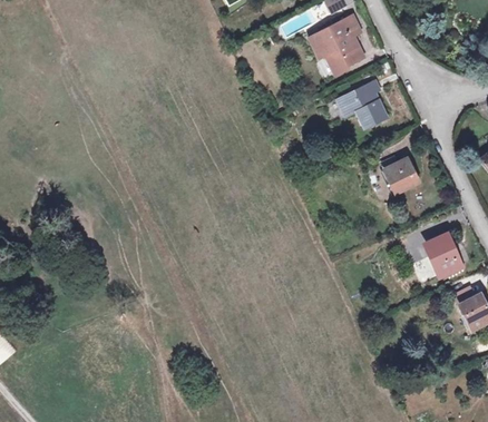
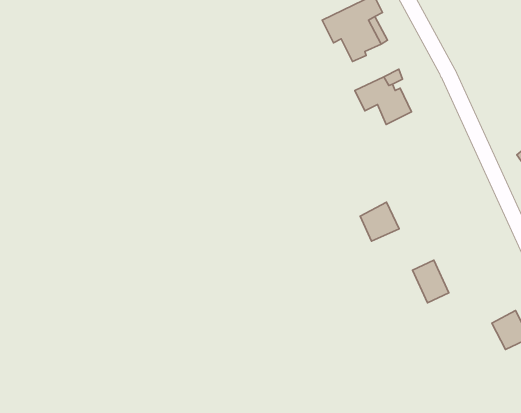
building: [382,157,417,192] -> [360,202,399,241]
building: [423,235,456,273] -> [412,260,449,303]

